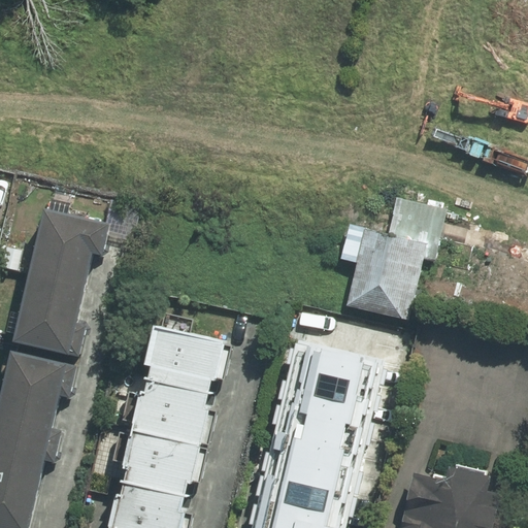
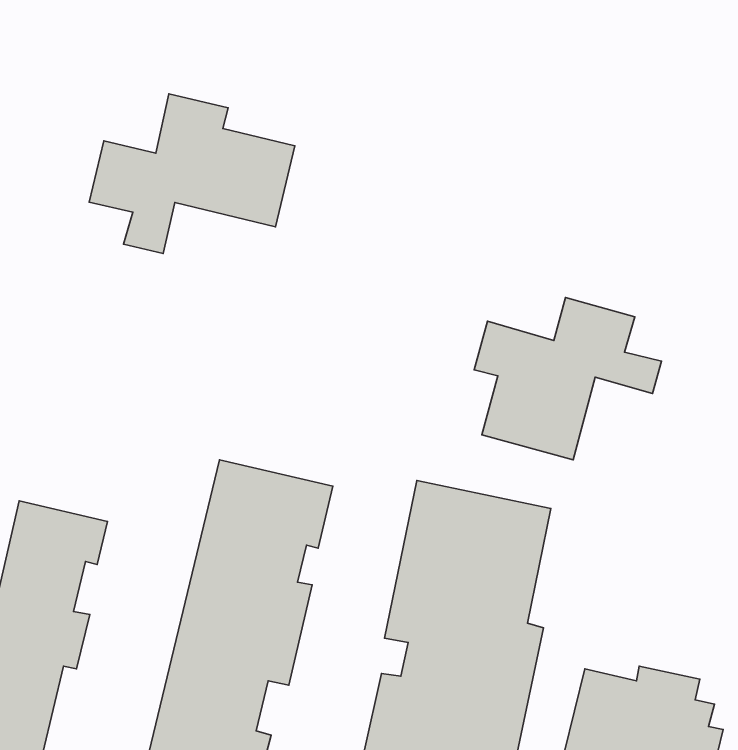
building: none -> [89,94,295,254]
building: [11,207,109,358] -> none

